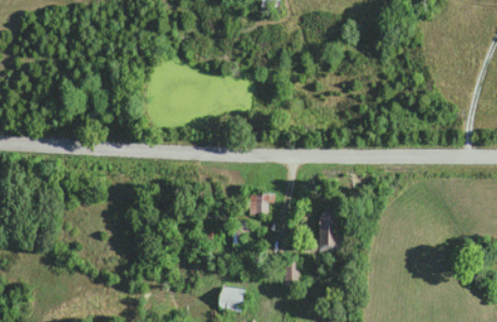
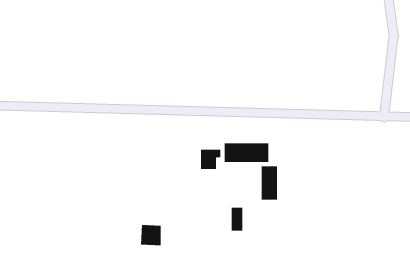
building: none -> [224,142,269,163]
building: [218,287,243,312] -> [140,225,161,246]

